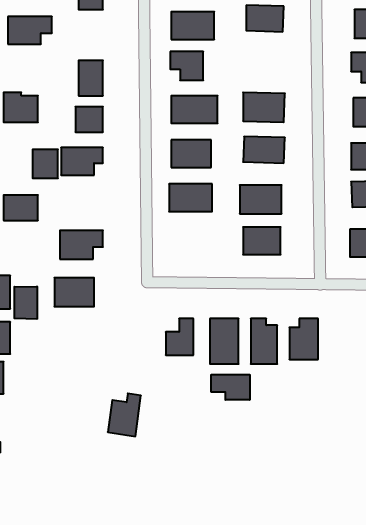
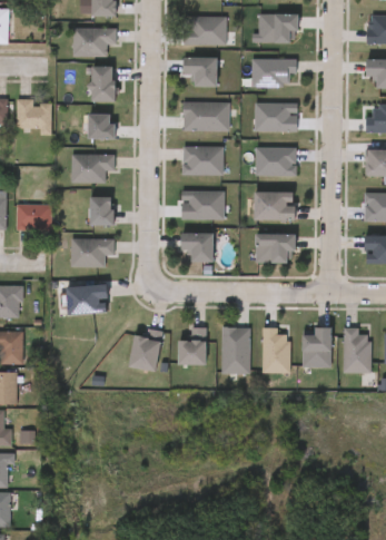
building: [8,17,52,44] -> [72,29,117,57]
building: none -> [253,59,297,87]
building: [33,149,58,178] -> [89,197,115,226]
building: none -> [180,234,212,263]
building: [14,286,37,319] -> none
building: none -> [344,327,372,373]
building: [211,375,250,400] -> none
building: [108,393,141,436] -> [128,328,161,372]

